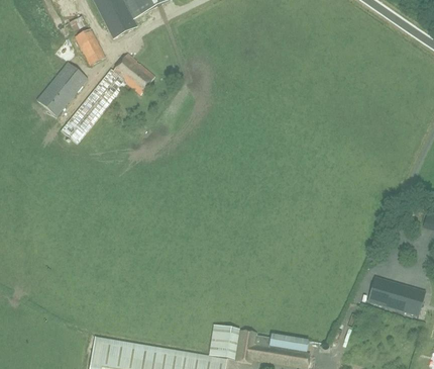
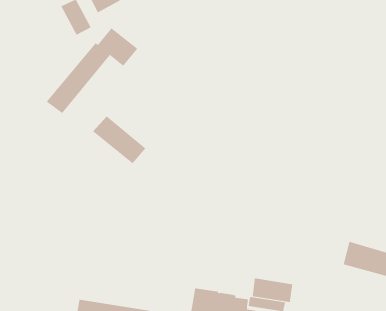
building: [36,62,87,115] -> none
building: none -> [92,115,146,164]
building: none -> [252,278,293,303]

